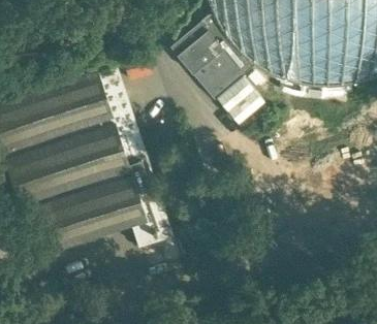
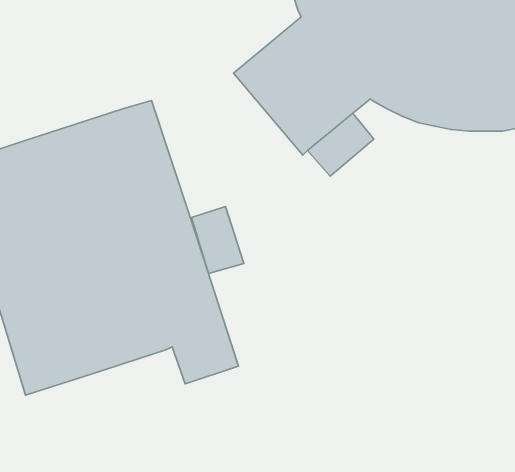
building: none -> [192,207,244,274]

